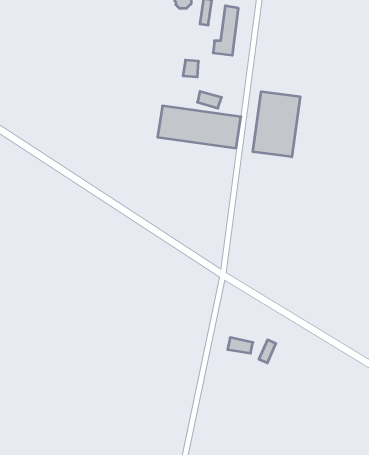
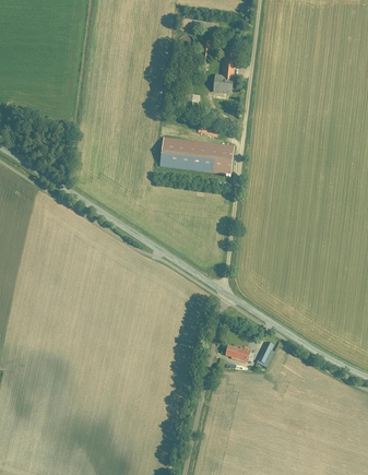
building: [253,92,300,157] -> none

